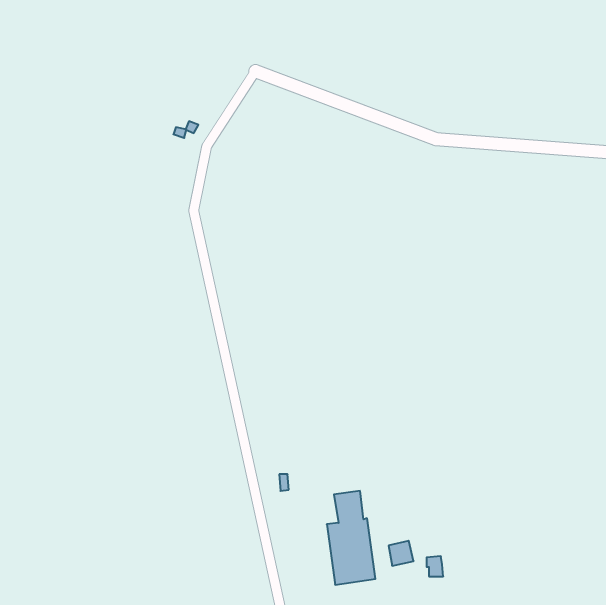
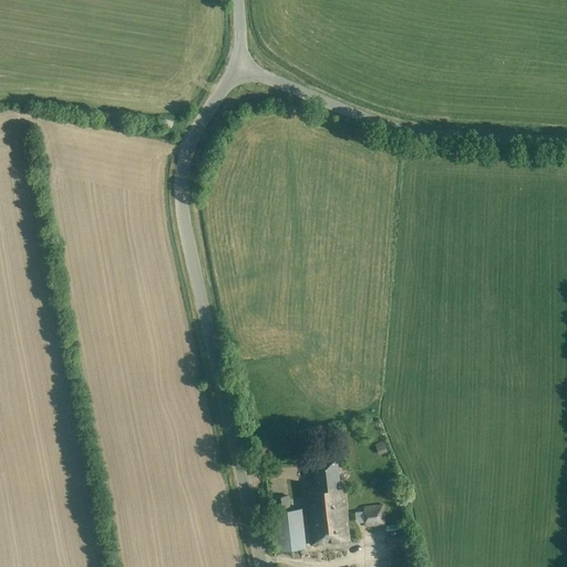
building: none -> [274,498,307,548]

